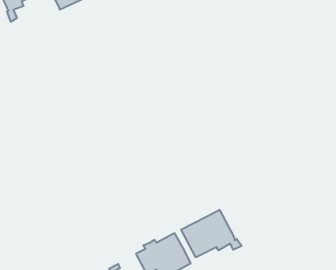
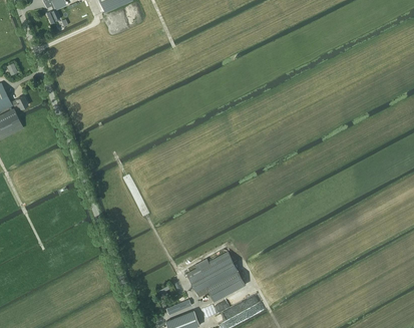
building: [181,210,242,257] -> none

